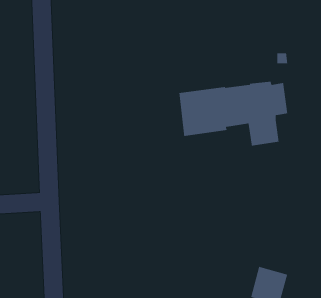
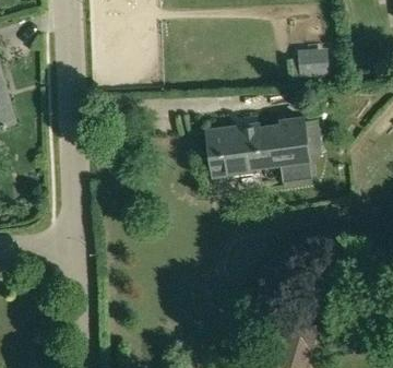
building: none -> [297,50,328,76]

